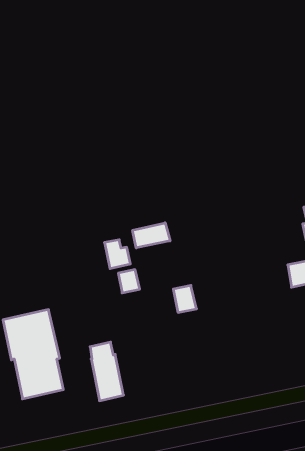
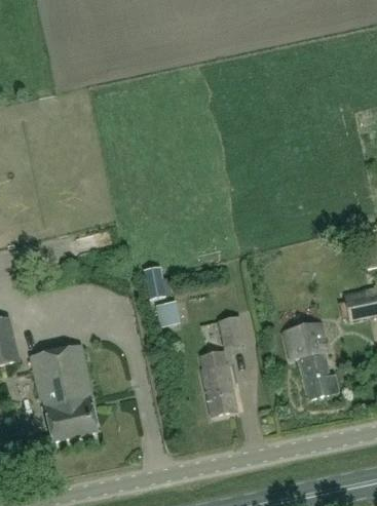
building: [133,223,170,248] -> none
building: none -> [285,322,338,398]
building: [90,342,124,401] -> [200,351,237,416]

